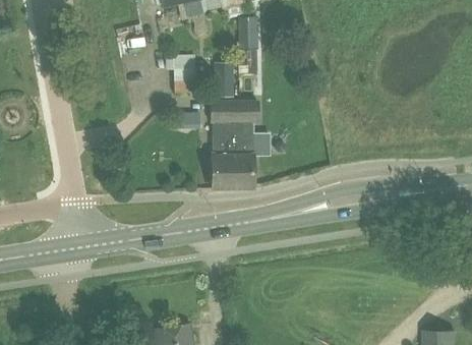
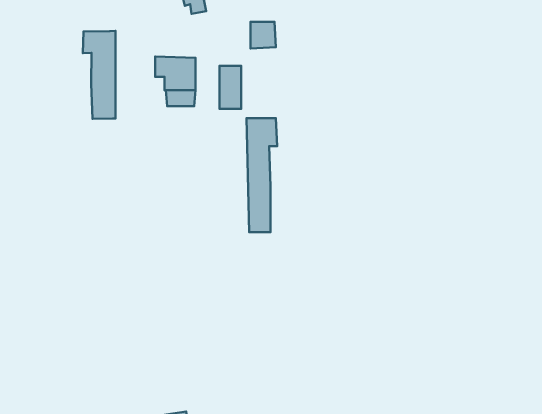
building: none -> [83,31,116,119]
building: [212,101,237,187] -> none

